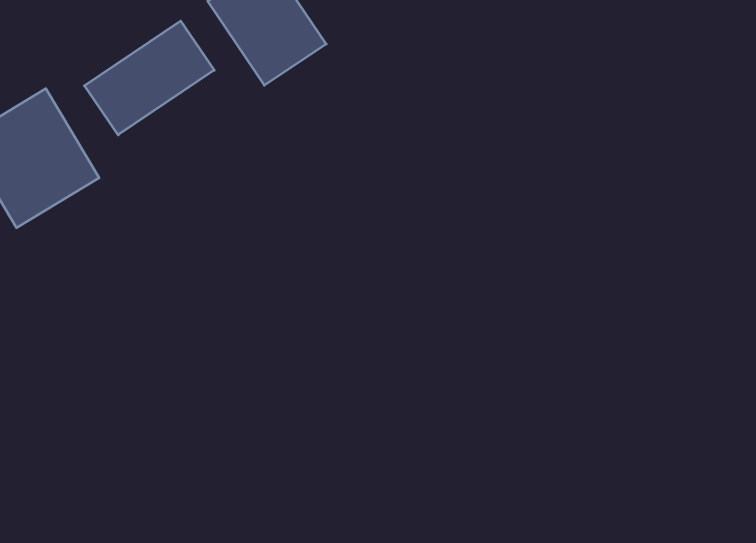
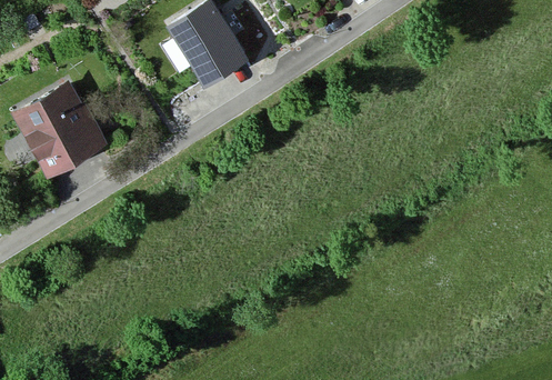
building: [84,21,214,135] -> none

